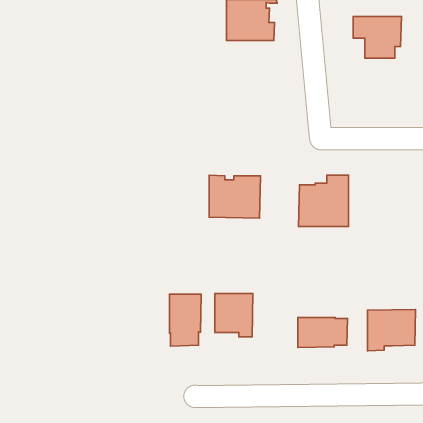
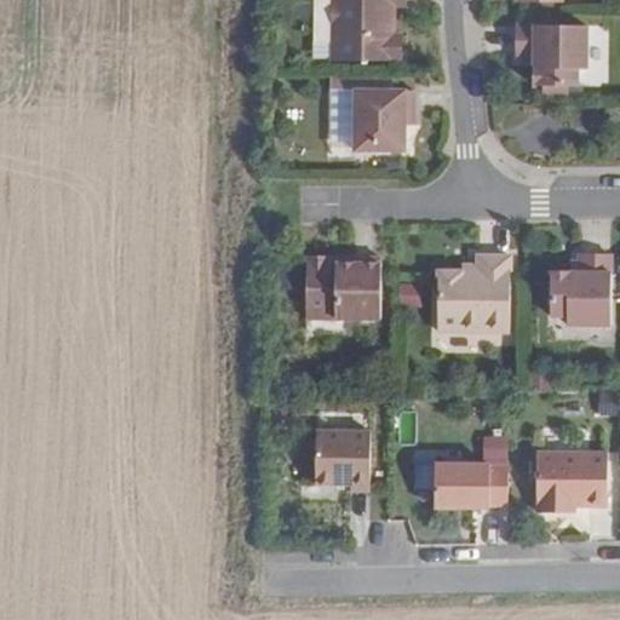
building: none -> [354,88,413,150]
building: none -> [550,253,610,325]
building: [170,294,201,346] -> none

